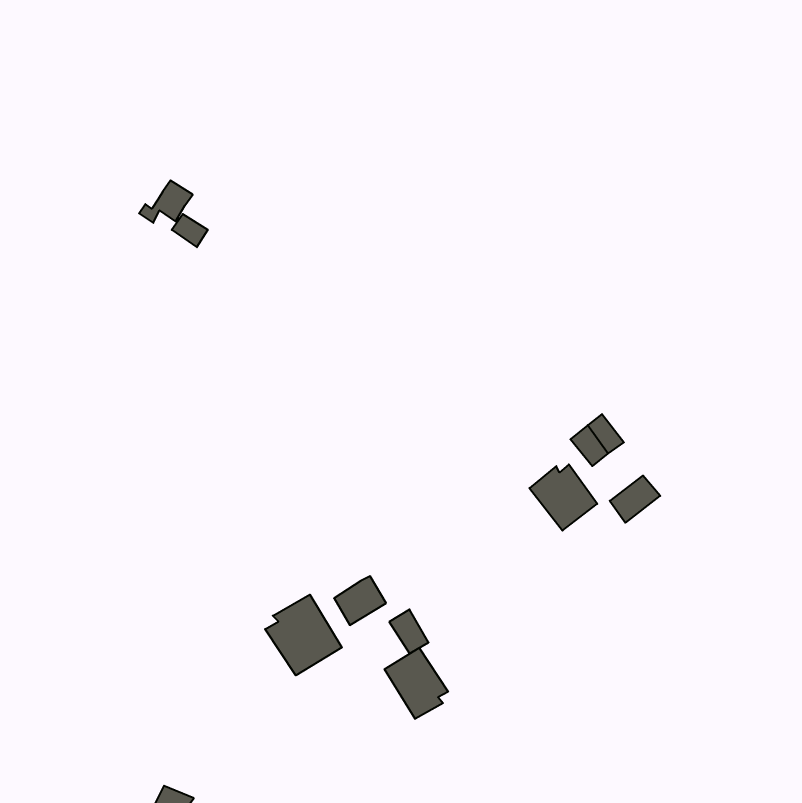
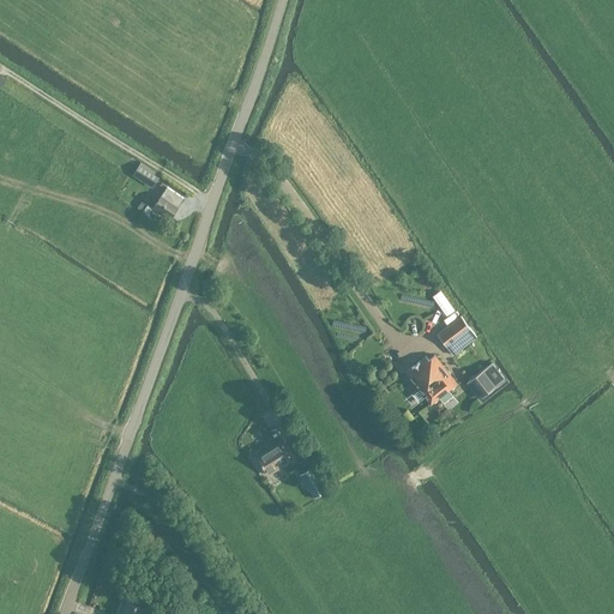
building: [139,180,193,223] -> [140,187,181,219]
building: [265,595,342,675] -> none
building: [385,648,448,719] -> none

